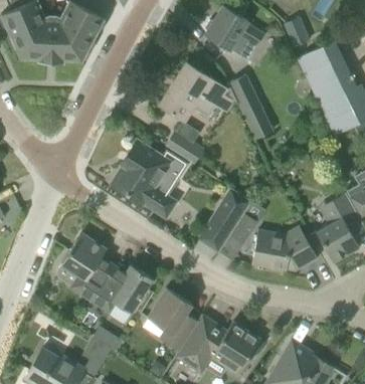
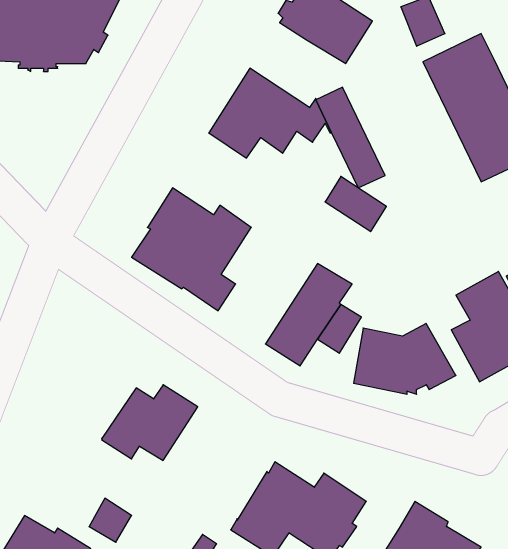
building: [165,130,204,165] -> [325,176,386,232]
building: [61,233,114,300] -> none
building: [147,289,197,352] -> none

